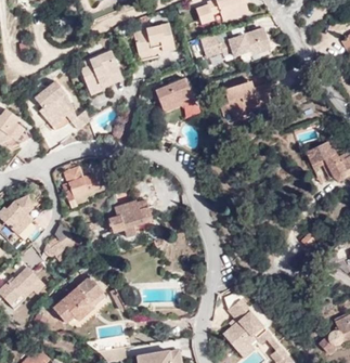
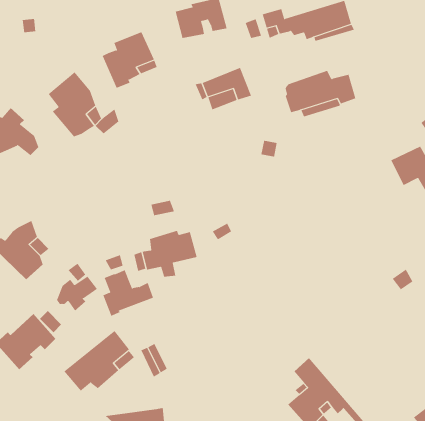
building: [61,167,100,203] -> [102,269,154,317]

